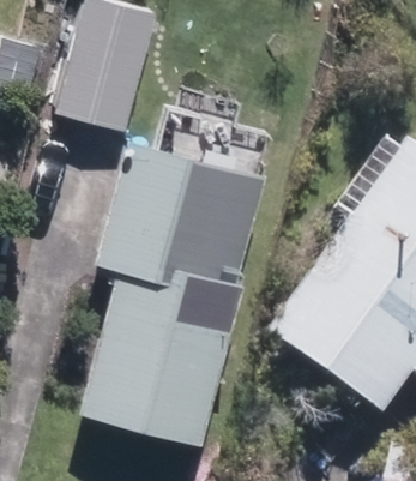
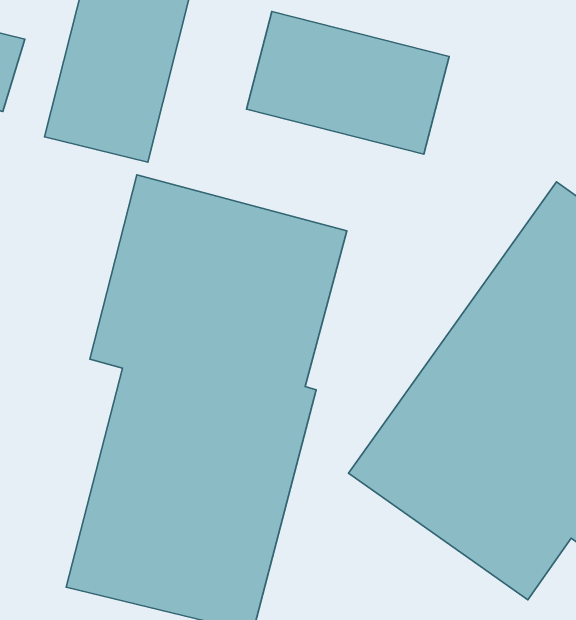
building: none -> [247,12,449,154]

